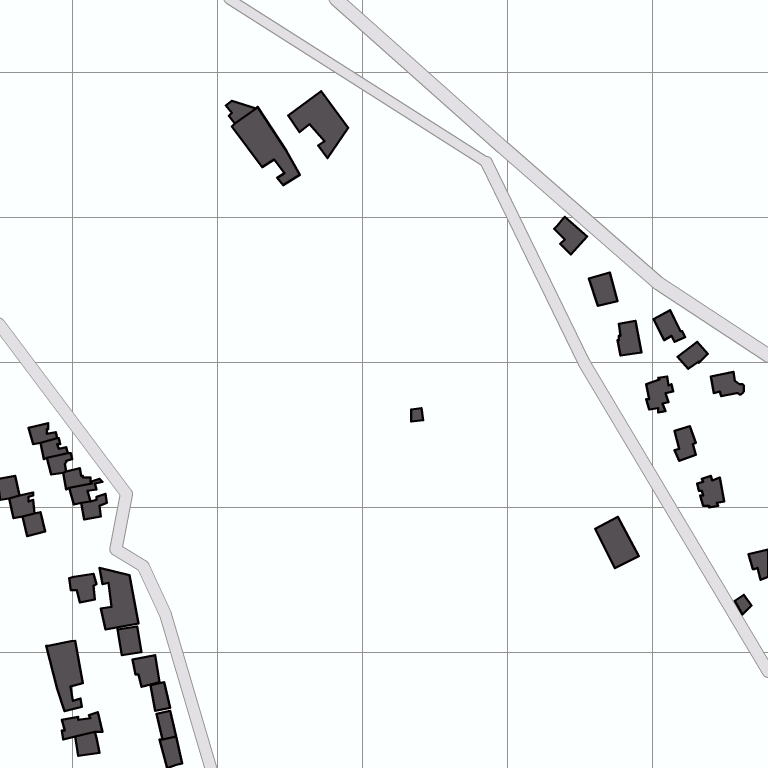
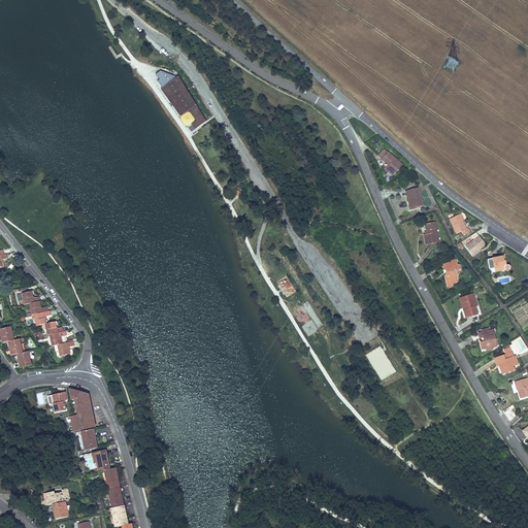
building: [288,91,348,158] -> none
building: none -> [493,345,518,373]
building: [595,517,639,568] -> [365,344,395,380]
building: [46,641,83,711] -> none

